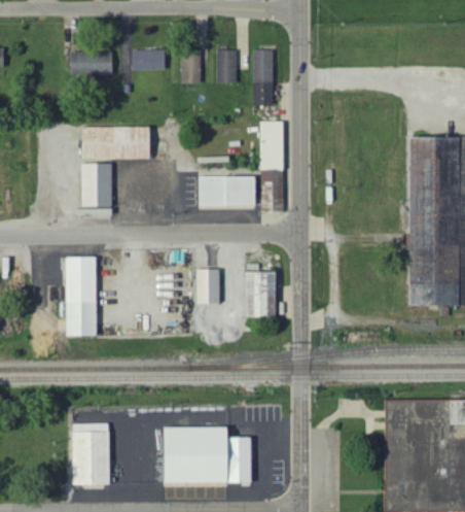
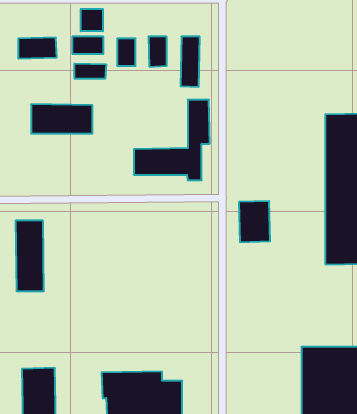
building: none -> [81,9,103,31]
building: none -> [74,64,106,79]
building: [81,163,112,206] -> none
building: [198,269,220,304] -> none
building: [243,271,278,317] -> [239,201,270,242]

